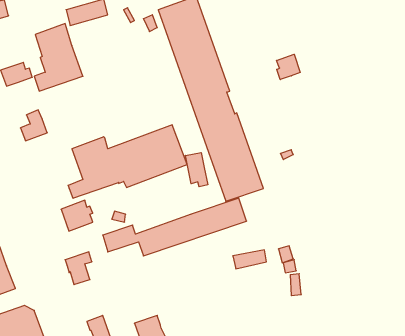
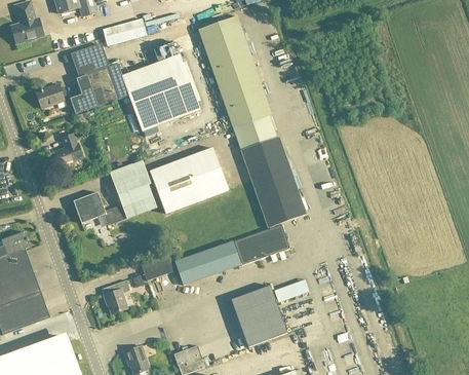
building: none -> [109,53,199,130]
building: [277,54,300,80] -> none
building: [185,153,208,187] -> none
building: [61,200,93,231] -> [73,191,106,223]
building: none -> [231,285,286,346]

